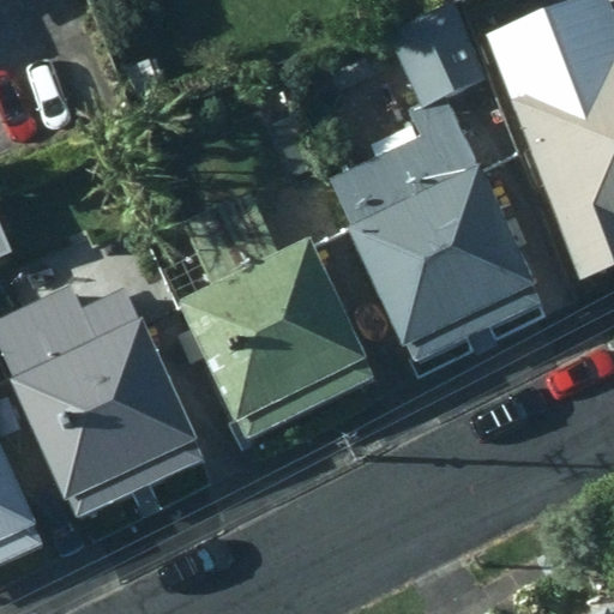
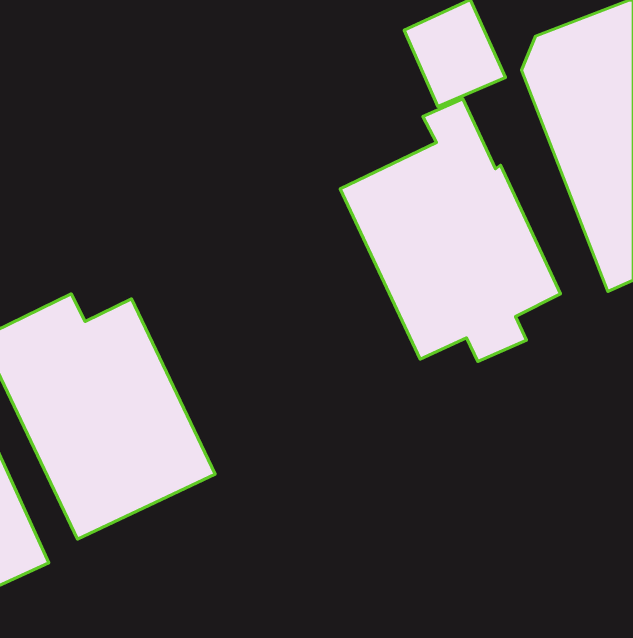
building: [177,189,377,440] -> none

